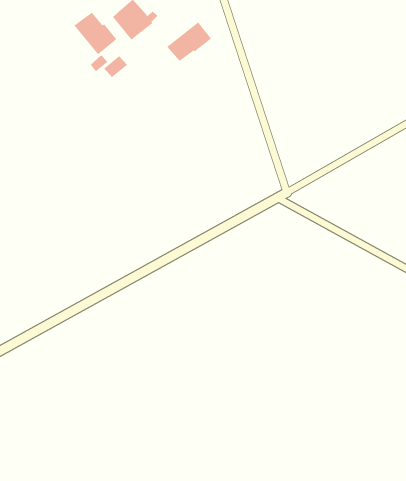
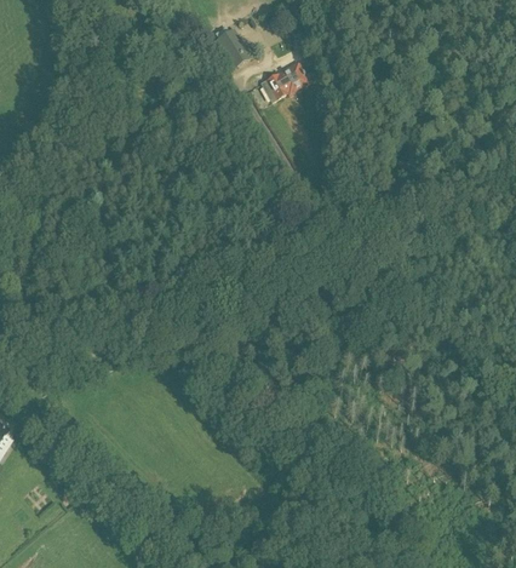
building: [74,12,117,55] -> none

